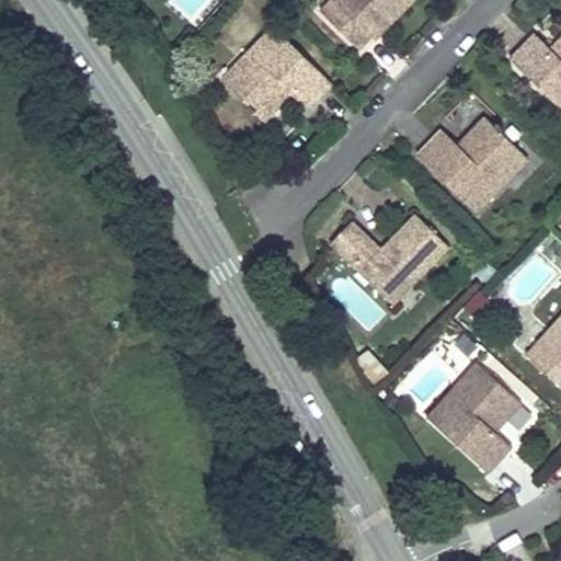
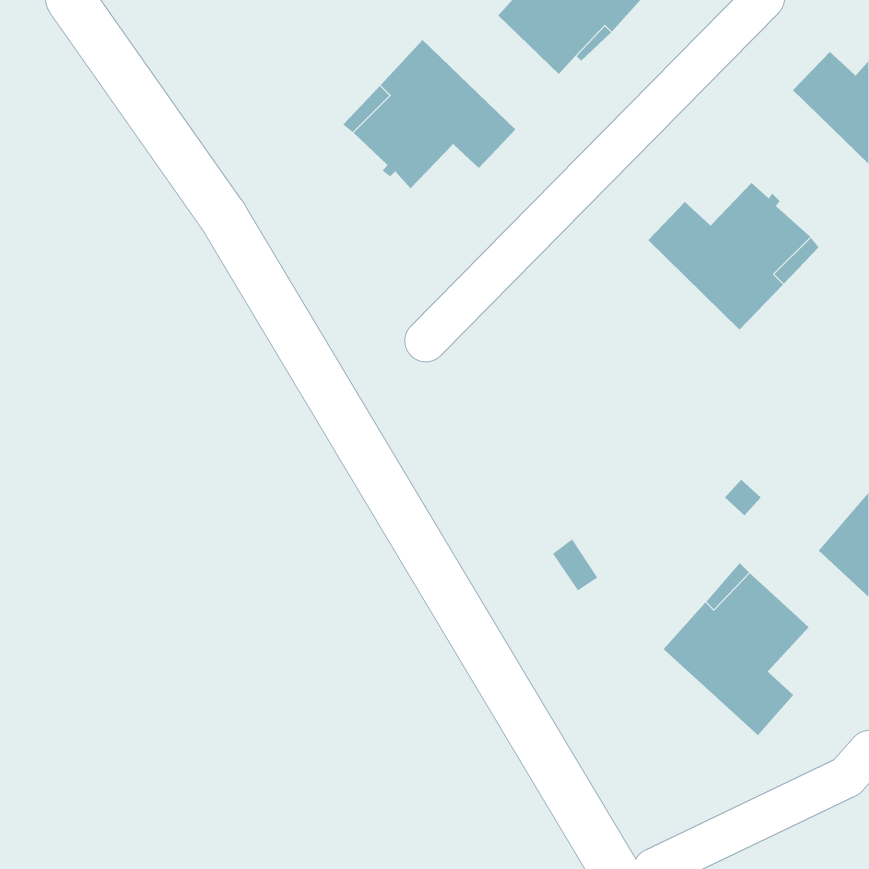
building: [330,213,448,304] -> none

